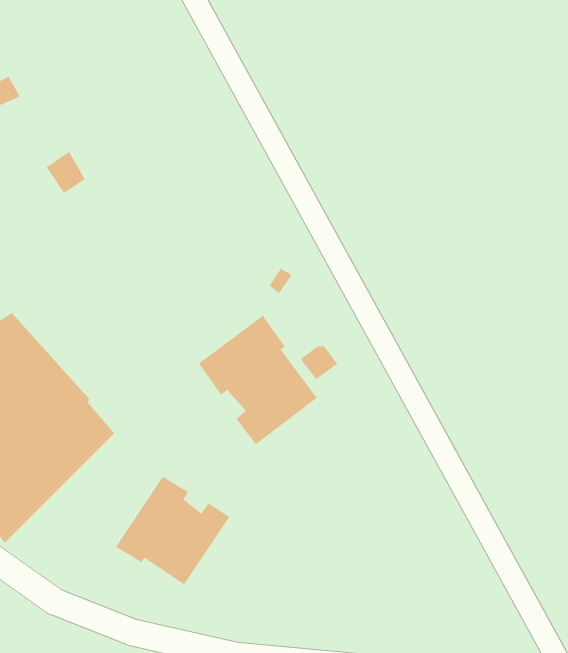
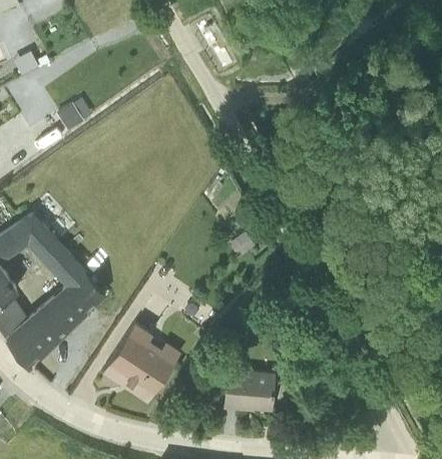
building: [198,315,318,445] -> none
building: none -> [224,368,275,411]

